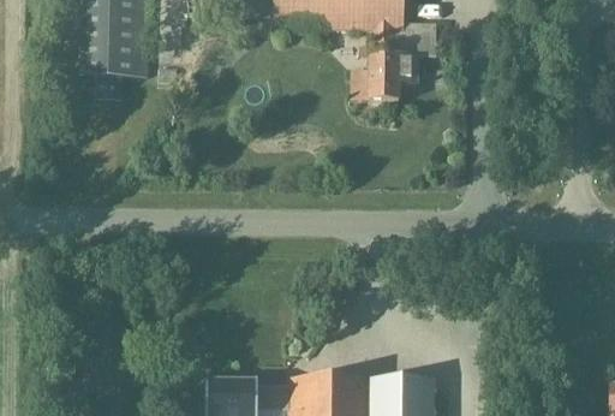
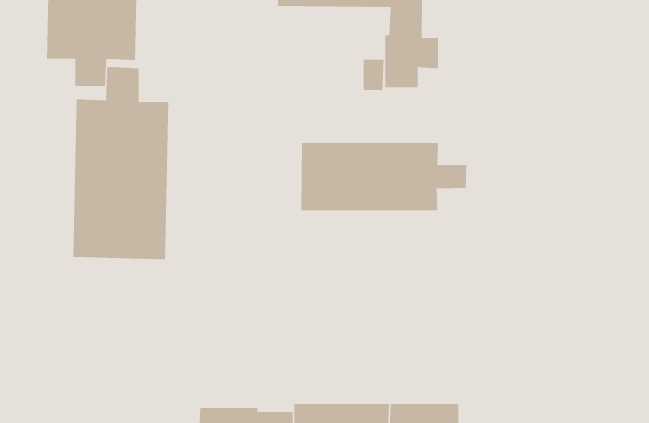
building: none -> [73,66,169,260]
building: none -> [301,142,467,211]

